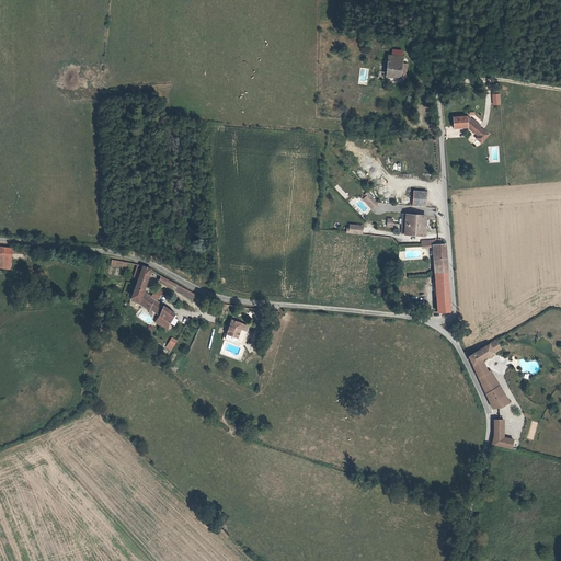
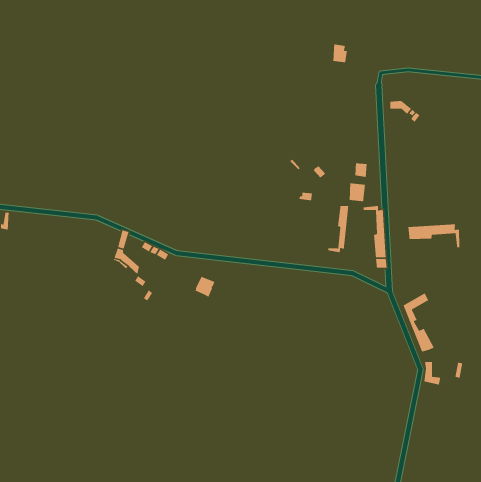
building: none -> [327,205,349,253]
building: none -> [407,224,460,248]

